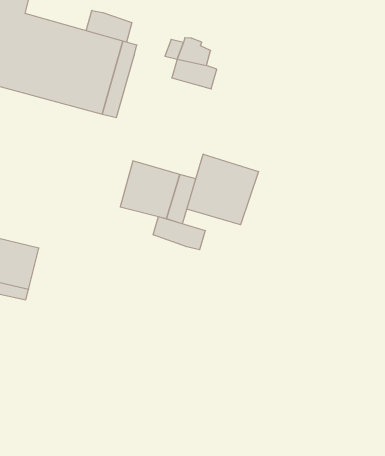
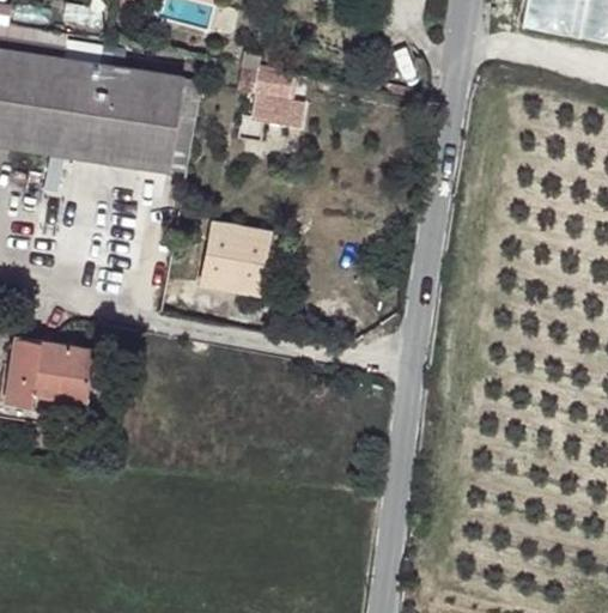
building: [86,10,132,42] -> none
building: [187,154,259,225] -> none
building: [153,217,205,250] -> none

